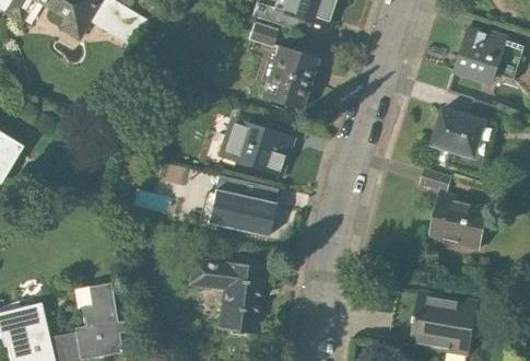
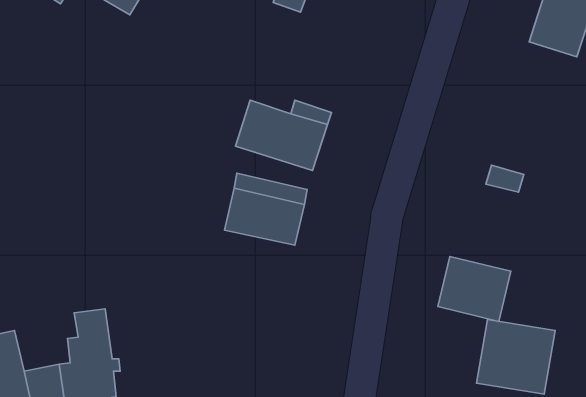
building: [259,47,316,110] -> none
building: [433,105,487,155] -> none
building: [429,197,488,249] -> [438,256,511,321]
building: [190,258,266,331] -> none

